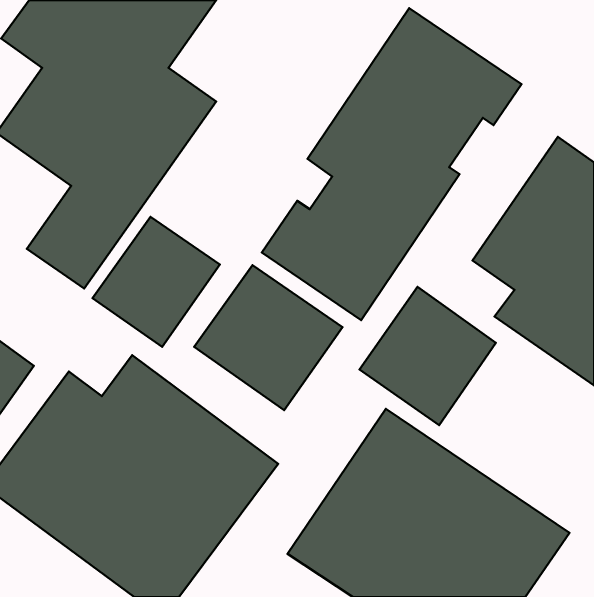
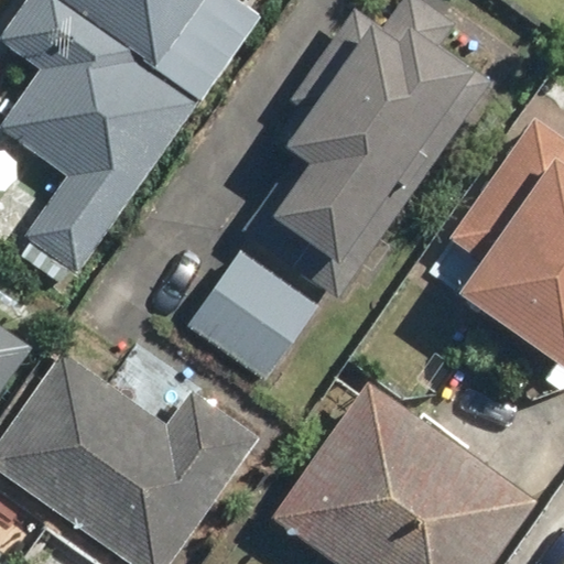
building: [92,217,220,347] -> none
building: [360,287,496,425] -> none

